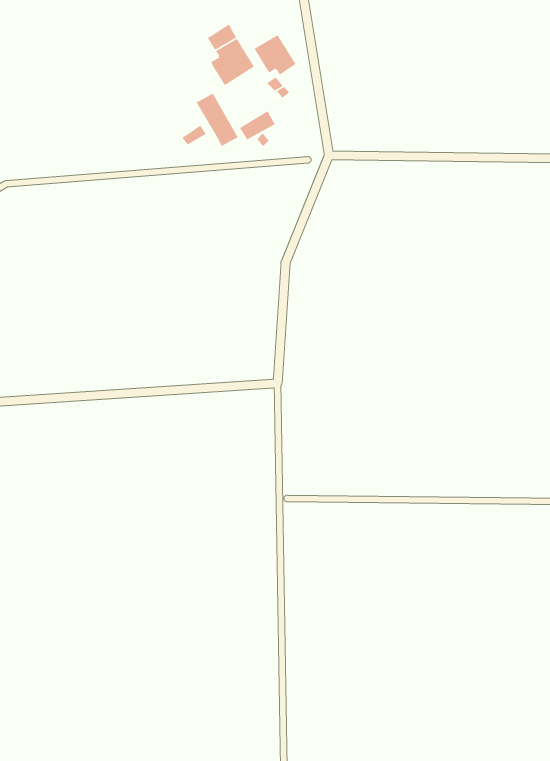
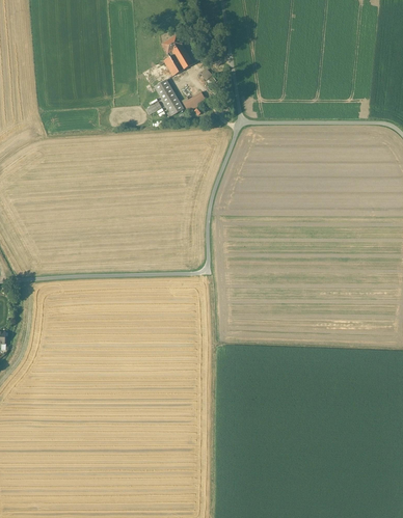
building: [253,34,296,76] -> none

